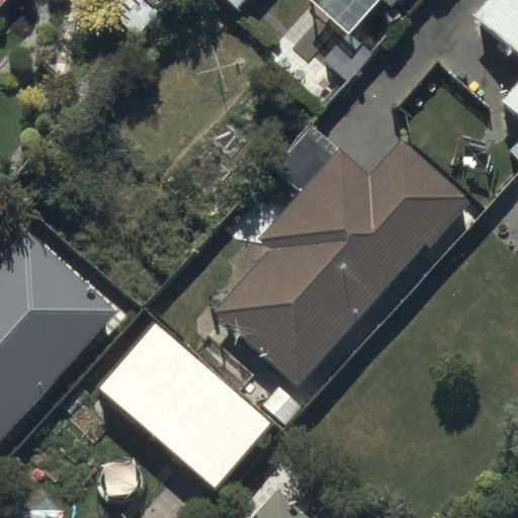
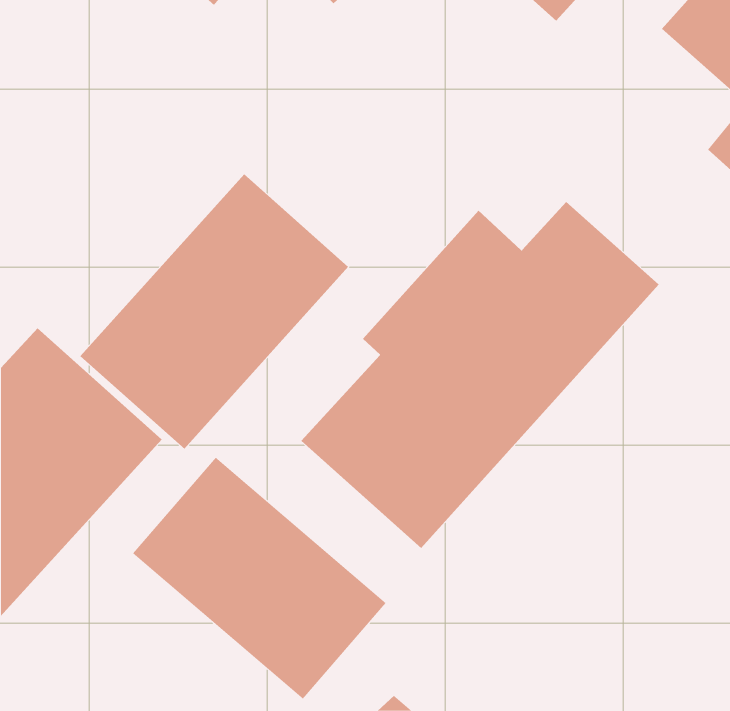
building: none -> [80,173,349,449]

